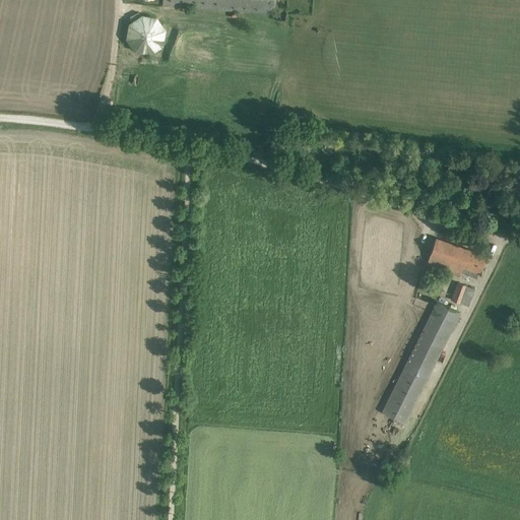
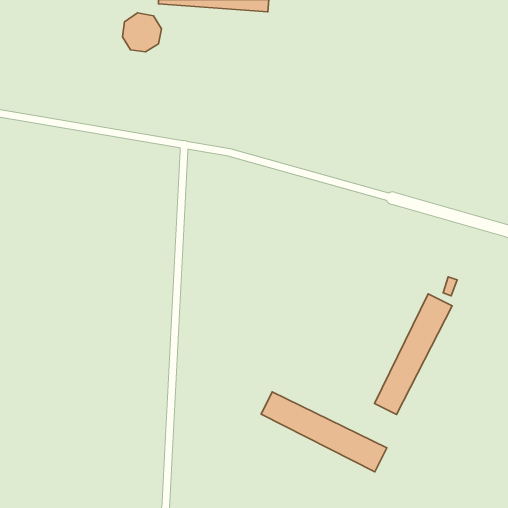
building: [426,237,483,276] -> none
building: none -> [261,392,387,472]

